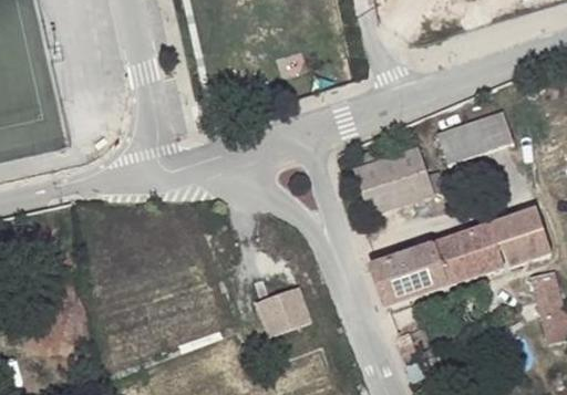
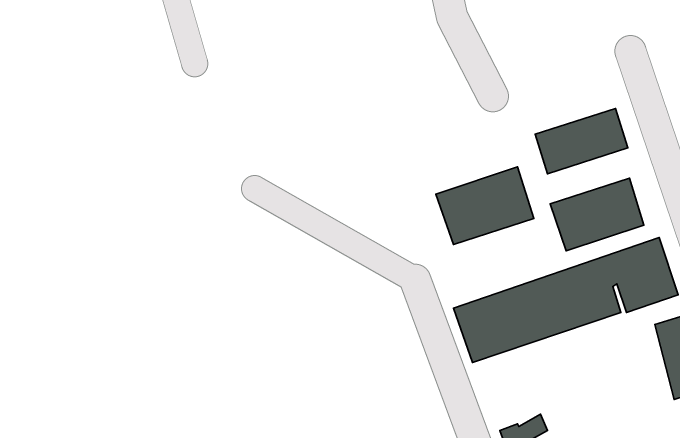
building: none -> [550,178,644,251]
building: [255,284,309,332] -> none

